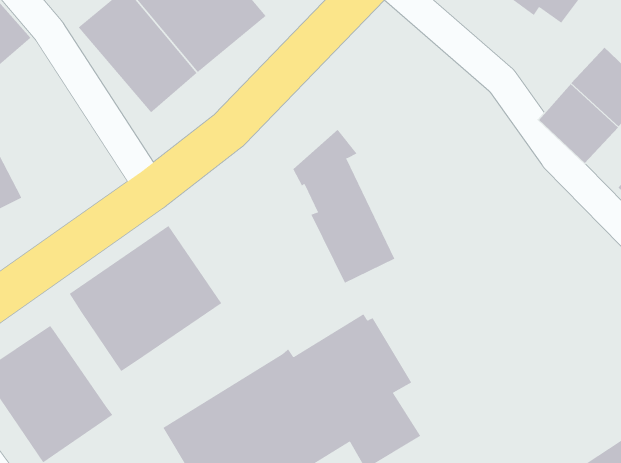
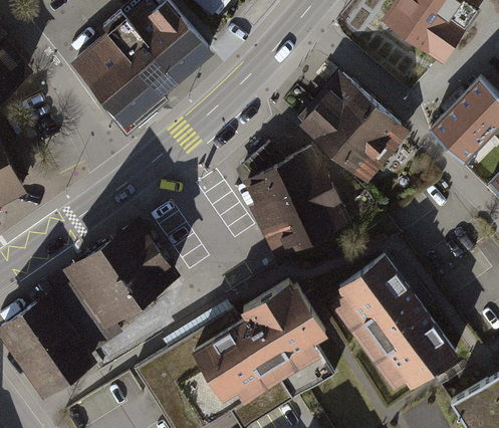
building: none -> [299,69,411,186]
building: none -> [277,146,352,241]
building: none -> [331,254,461,391]
building: none -> [51,282,122,355]

